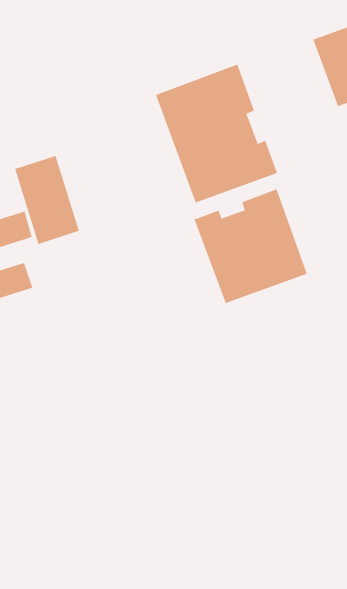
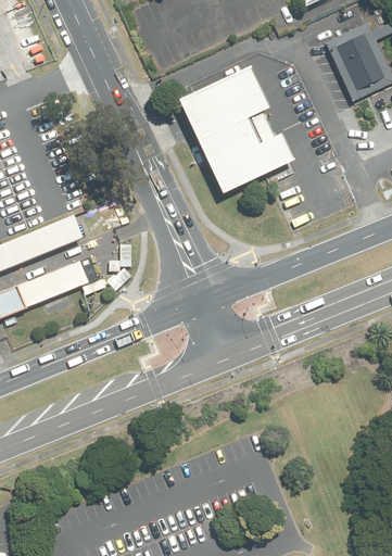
building: [14,155,79,245] -> none
building: [194,188,308,304] -> none

